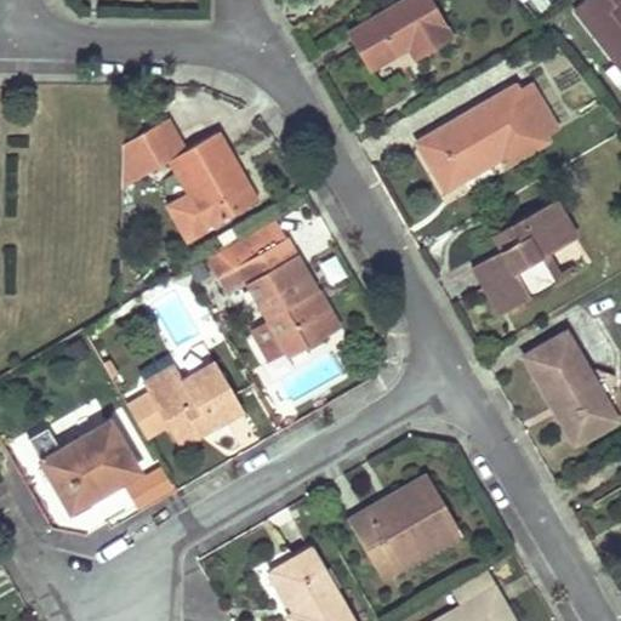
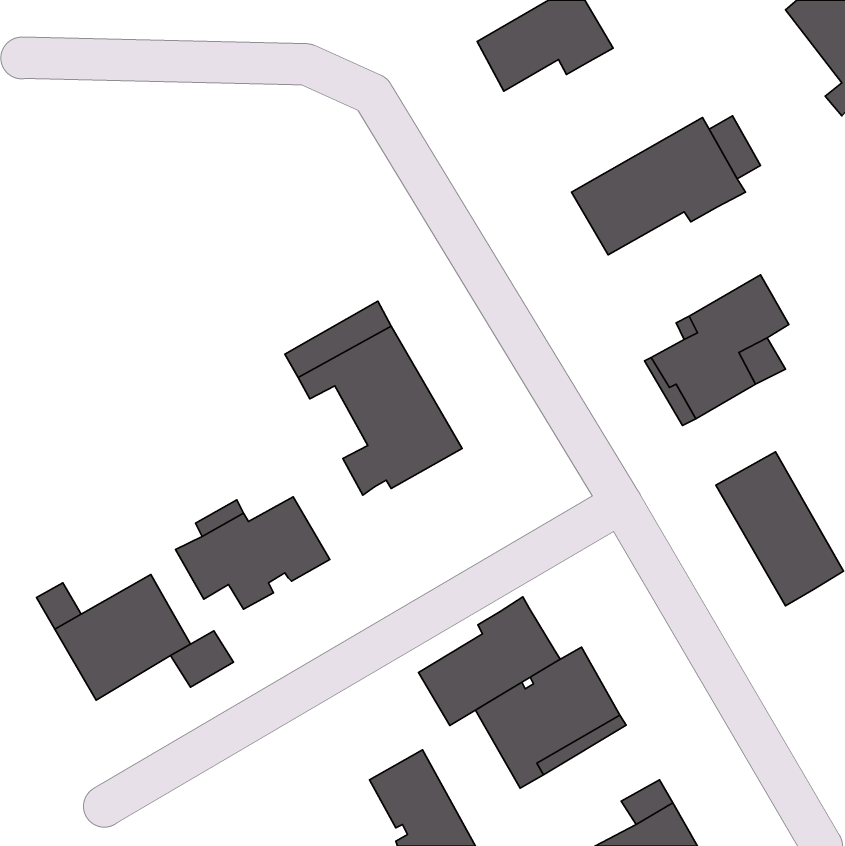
building: [123,120,258,238] -> none
building: none -> [419,597,560,725]

